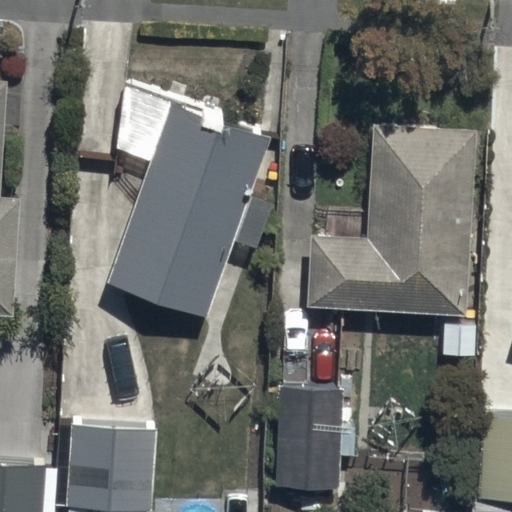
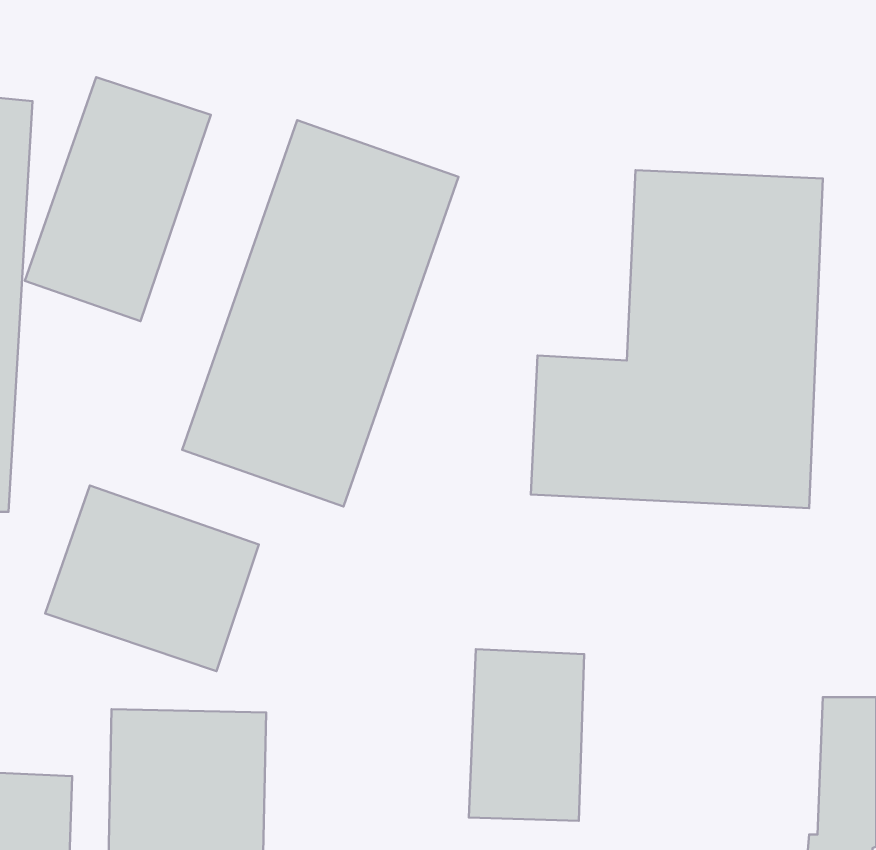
building: none -> [25,77,211,321]
building: none -> [45,485,259,671]

